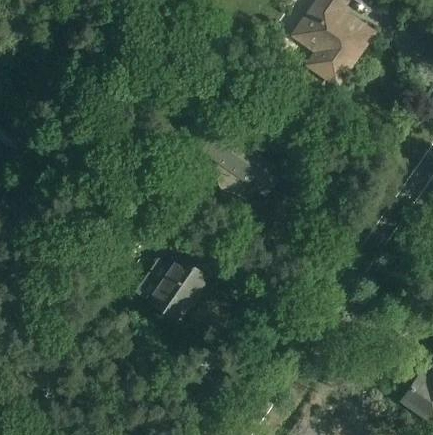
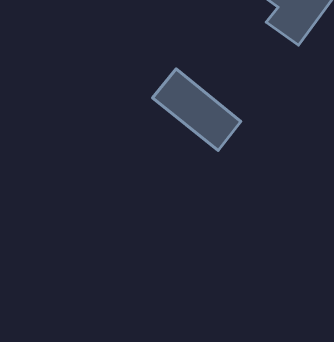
building: [143,254,210,324] -> none

